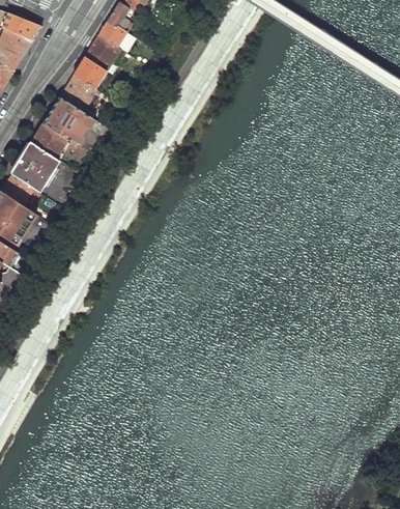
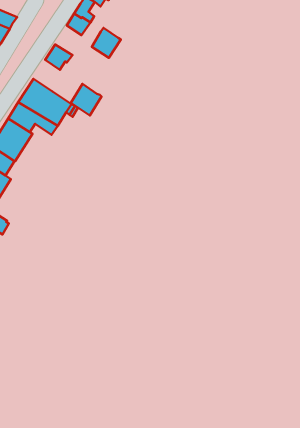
building: [84,36,117,70] -> [92,28,121,58]
building: [59,76,94,112] -> [71,84,101,116]

